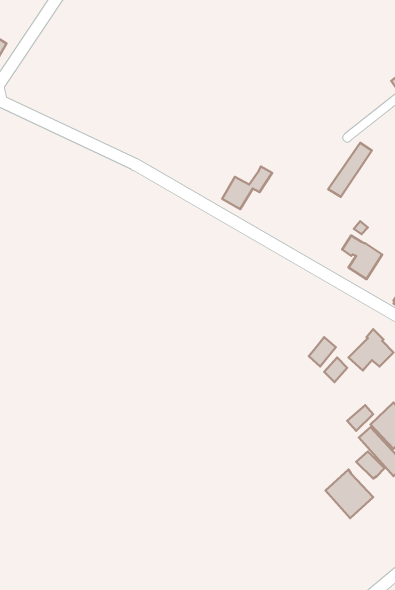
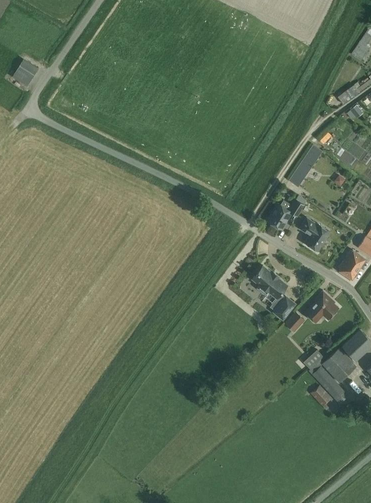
building: [222,167,272,209] -> [267,196,306,229]
building: none -> [252,266,287,299]
building: [325,469,373,518] -> none

